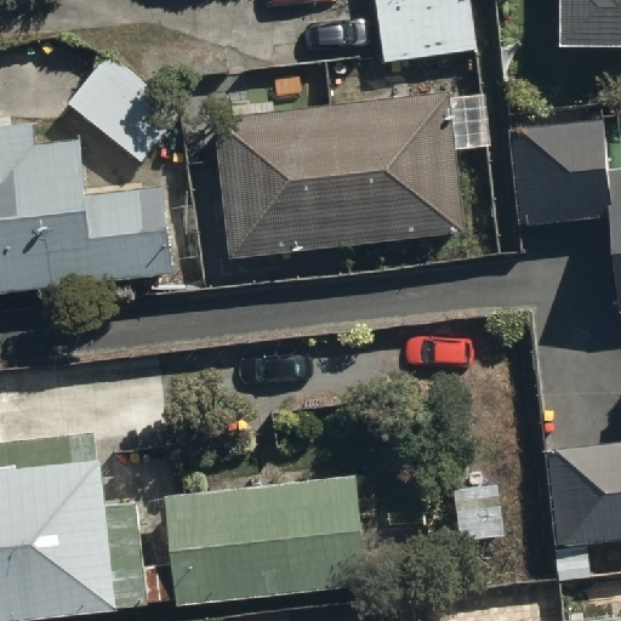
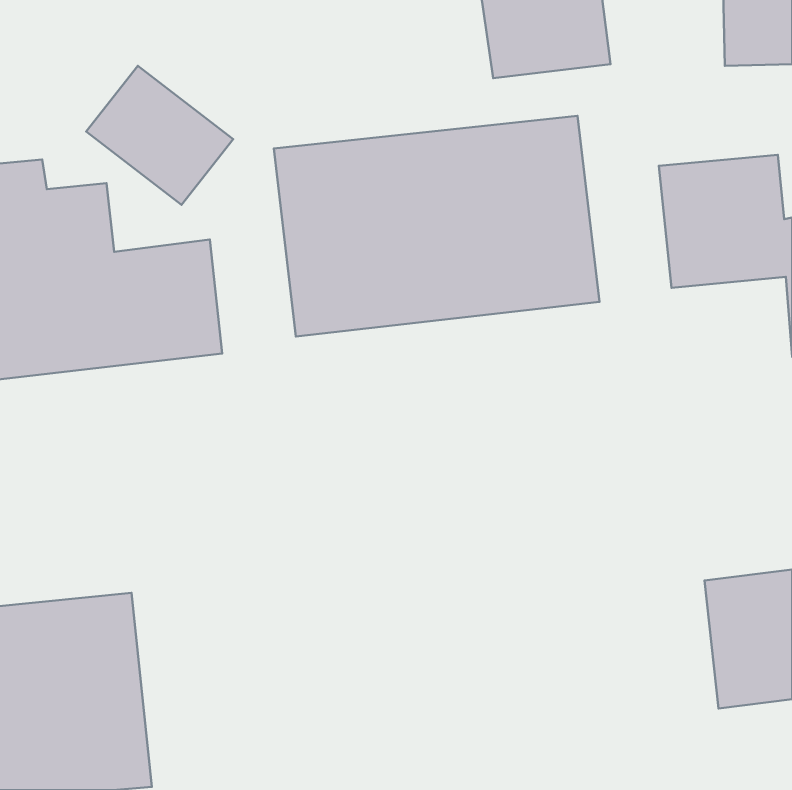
building: [165,475,366,603] -> none

